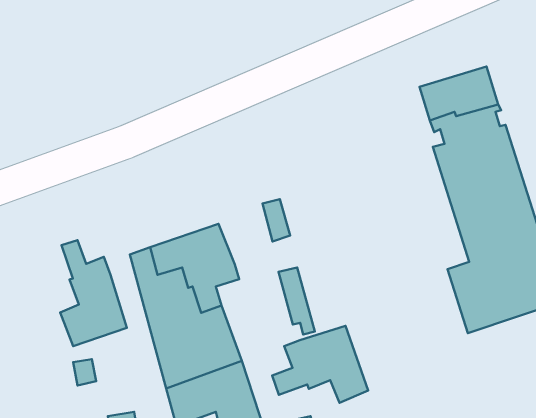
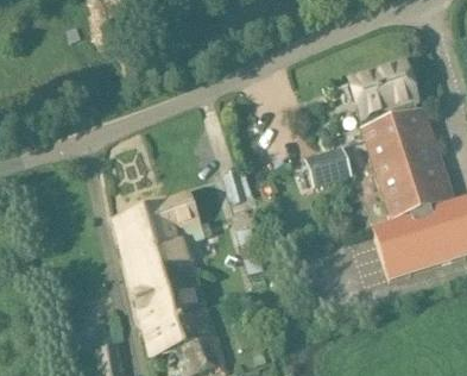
building: none -> [305,145,352,186]
building: [60,240,127,346] -> none
building: [272,326,368,403] -> none

